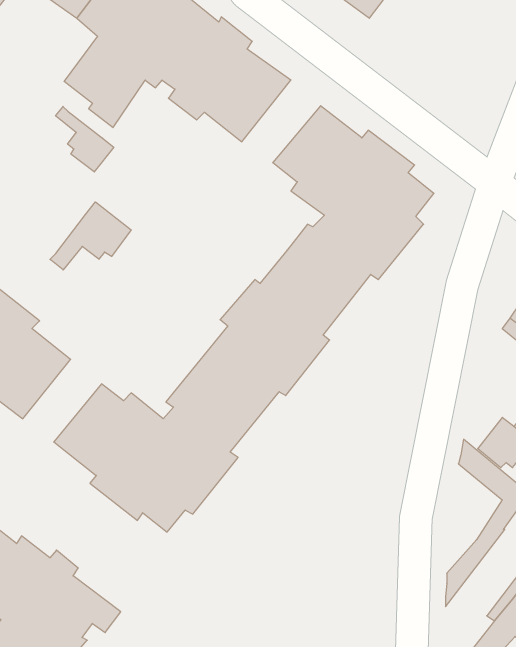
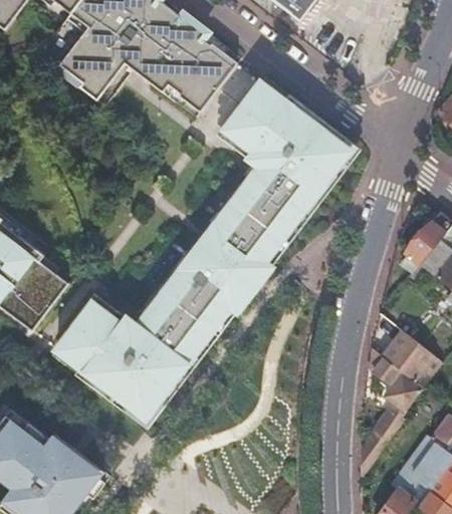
building: [56,106,114,172] -> none
building: [50,202,131,270] -> none

